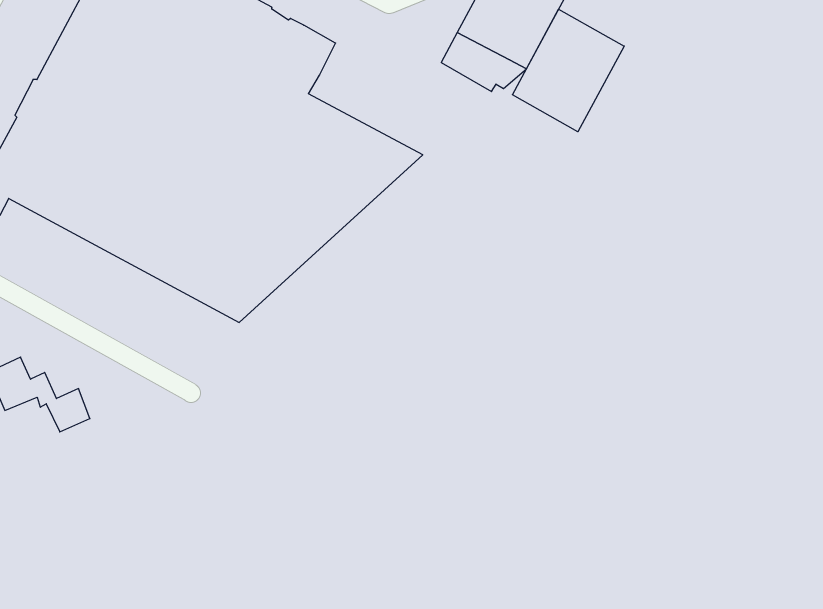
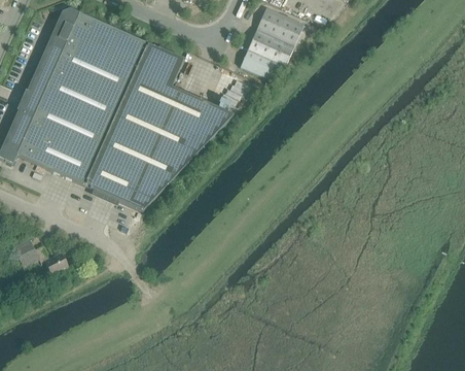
building: [512,9,624,132] -> none

